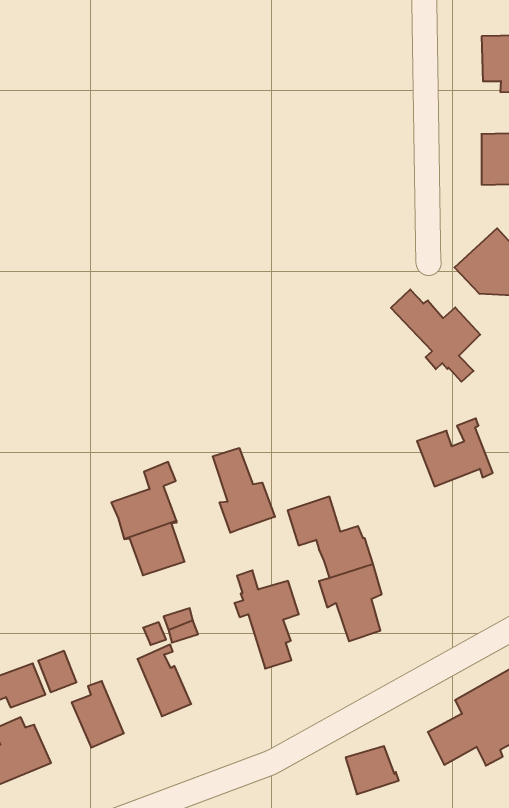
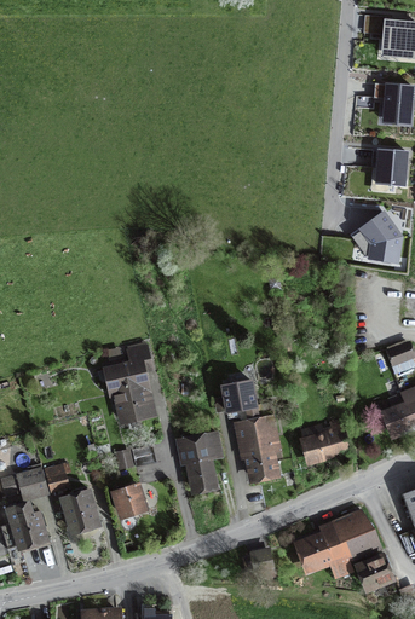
building: [391,289,480,382] -> none
building: [417,418,493,486] -> [300,418,348,461]
building: [213,448,275,533] -> none

